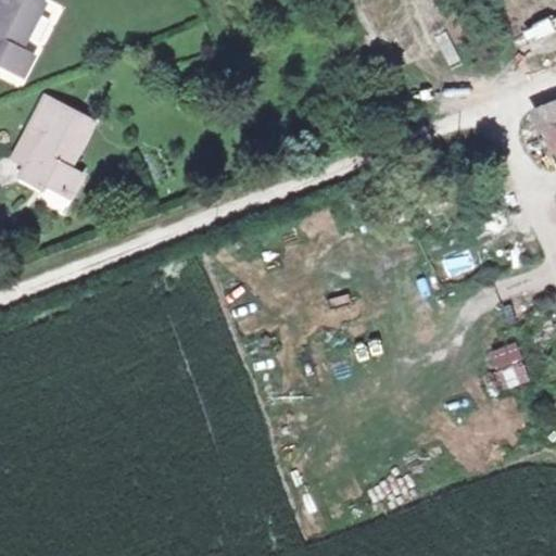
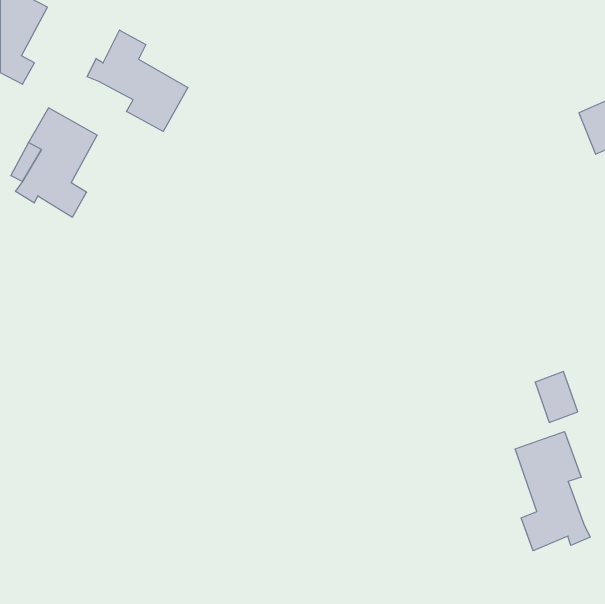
building: none -> [87,30,188,131]
building: none -> [515,432,590,551]

